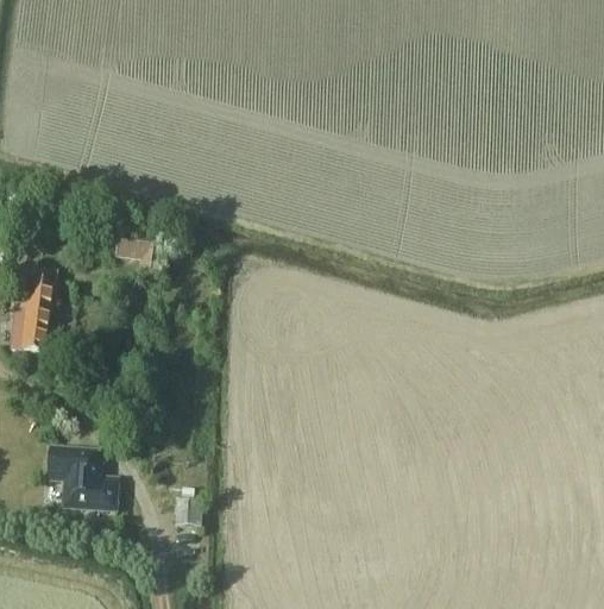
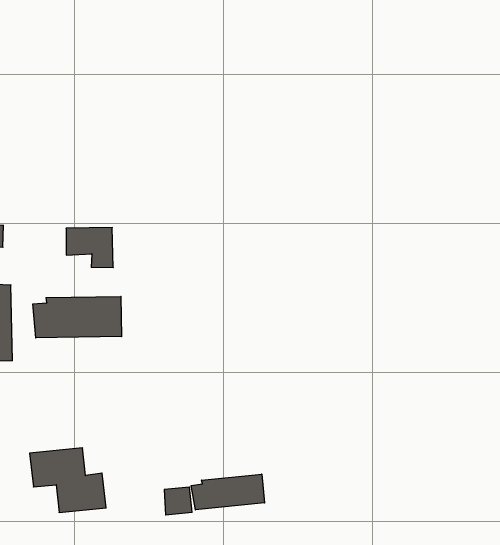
building: none -> [33,296,122,338]
building: none -> [191,474,265,510]

